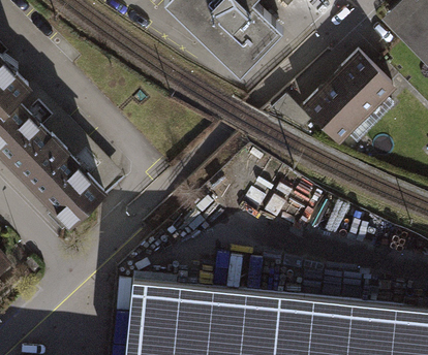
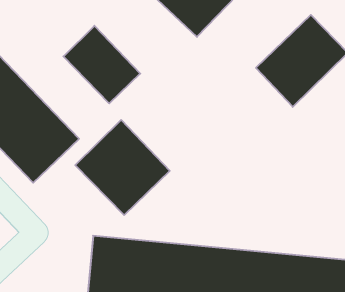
building: none -> [63,26,140,103]
building: none -> [75,120,170,215]

